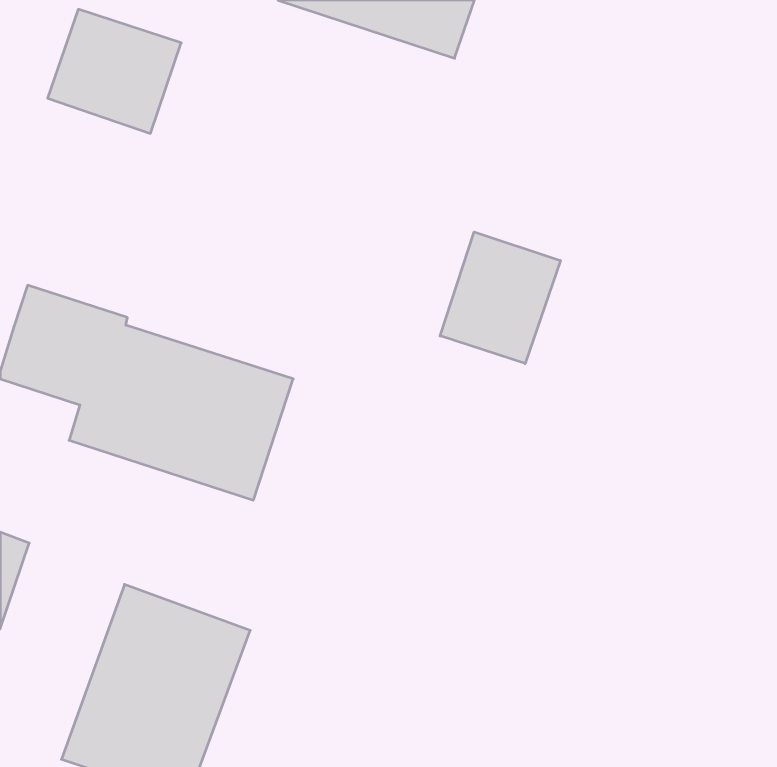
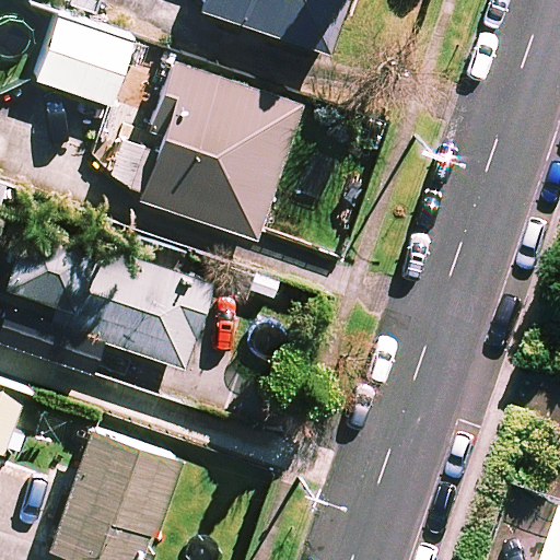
building: none -> [133,63,303,241]
building: [440,232,560,364] -> none

